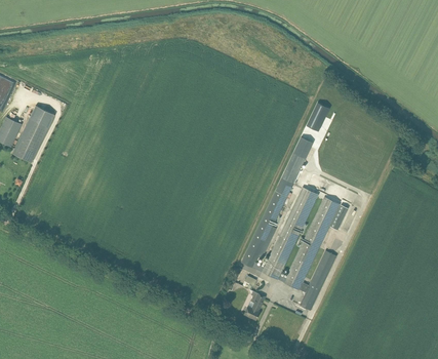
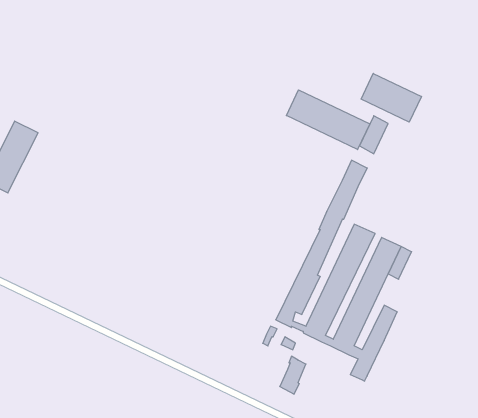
building: none -> [361,73,421,122]
building: none -> [286,90,370,150]

